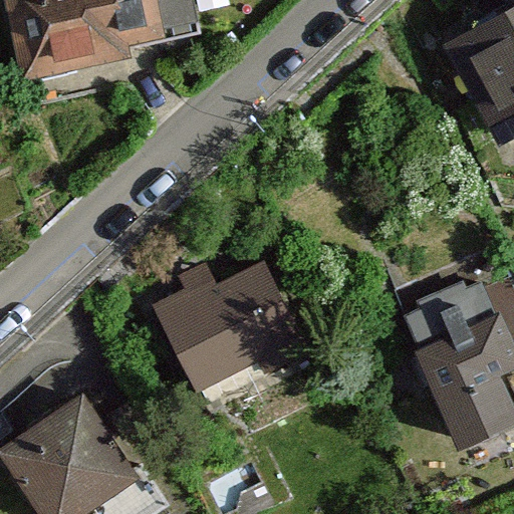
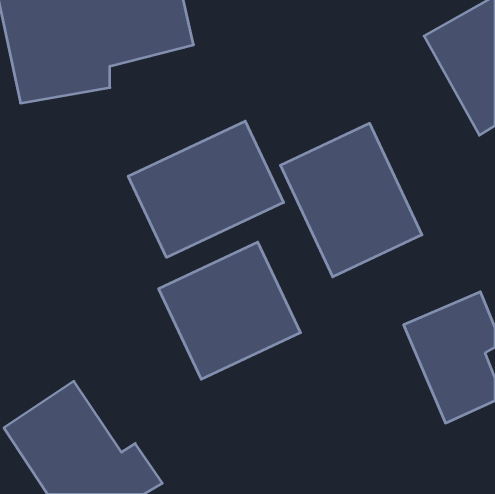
building: none -> [128,121,284,257]
building: none -> [280,123,422,277]

